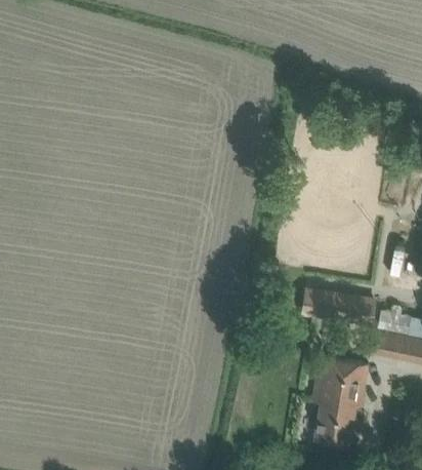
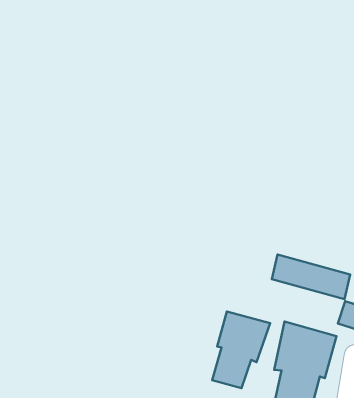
building: none -> [212,311,270,388]

